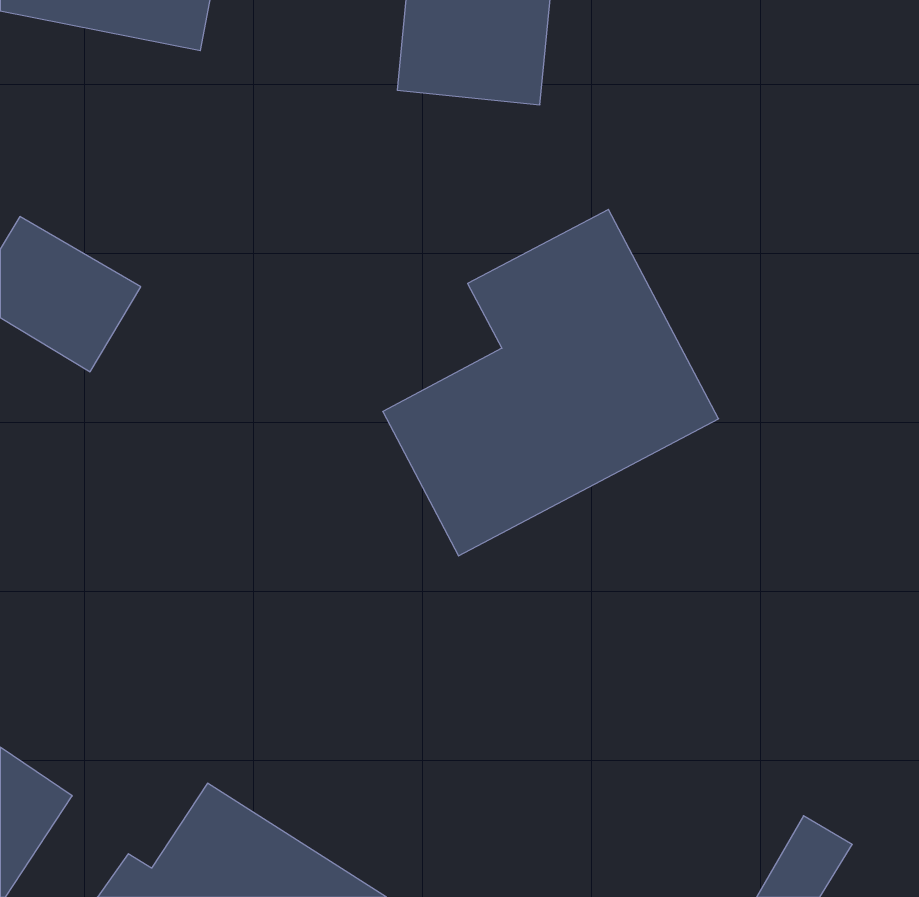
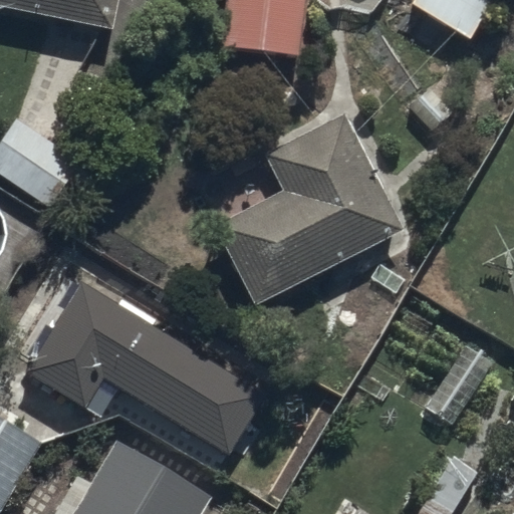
building: none -> [22,283,265,456]

